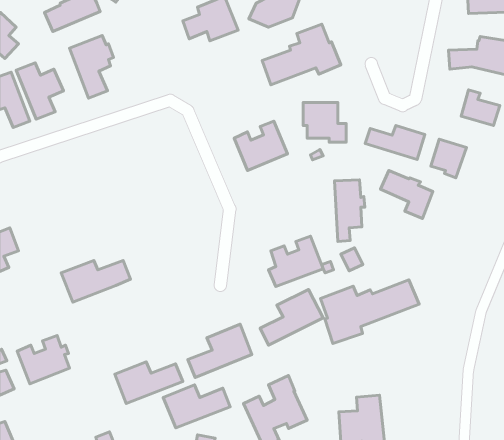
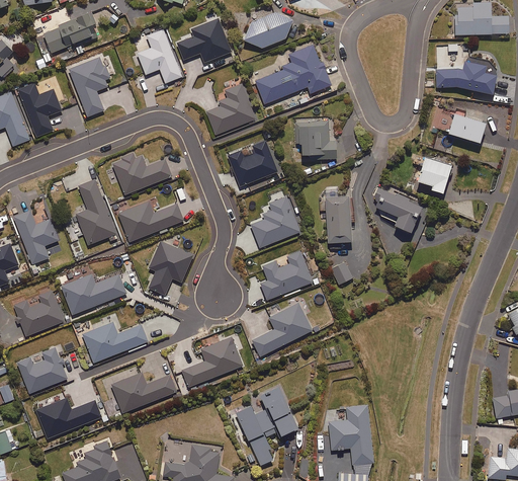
building: none -> [135,28,182,82]
building: none -> [205,82,256,135]
building: [365,125,425,160] -> none
building: none -> [112,153,172,193]
building: none -> [76,179,118,244]
building: none -> [251,195,300,247]
building: none -> [117,199,184,241]
building: none -> [13,210,59,263]
building: none -> [149,241,192,295]
building: none -> [14,290,65,335]
building: [321,280,419,343] -> none
building: [163,385,230,428] -> [82,321,147,363]
building: none -> [36,397,102,437]

